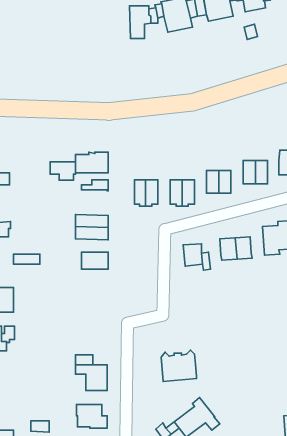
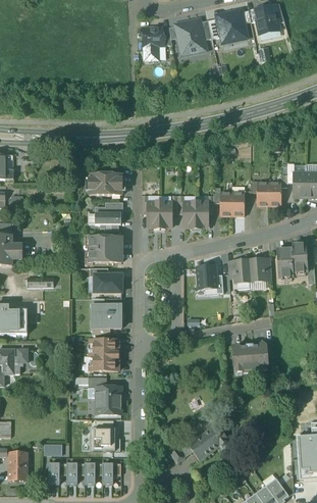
building: [50,162,76,180] -> [94,211,119,230]
building: none -> [90,304,120,326]
building: none -> [89,339,118,370]
building: [161,350,197,382] -> [231,341,267,372]

